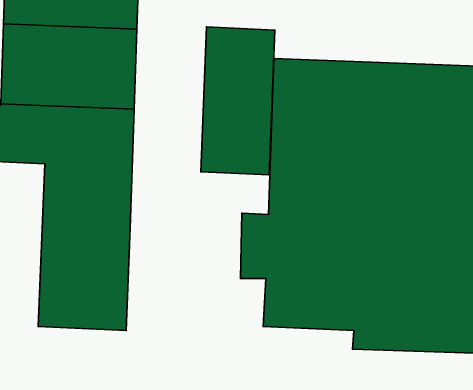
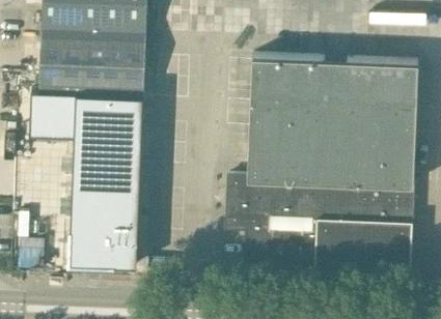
building: [201,27,275,175] -> none

